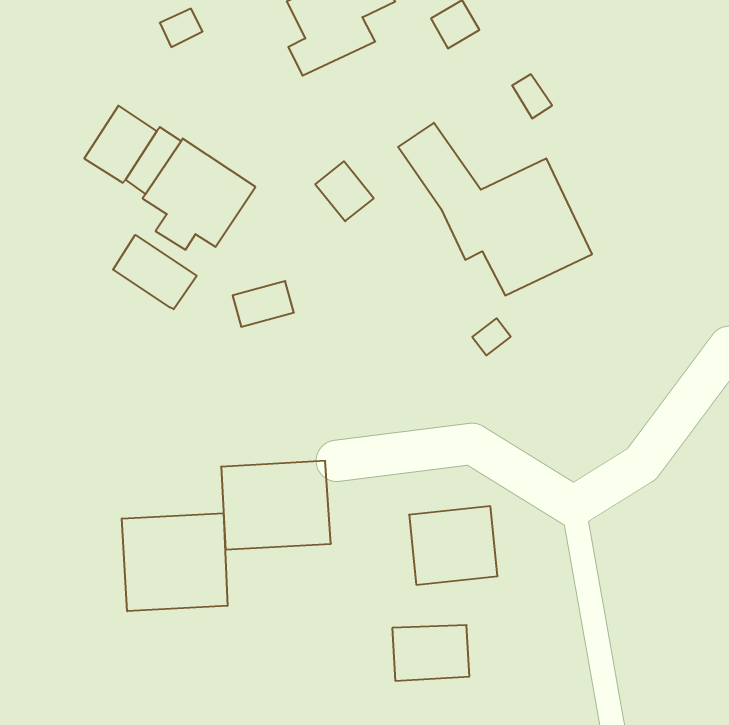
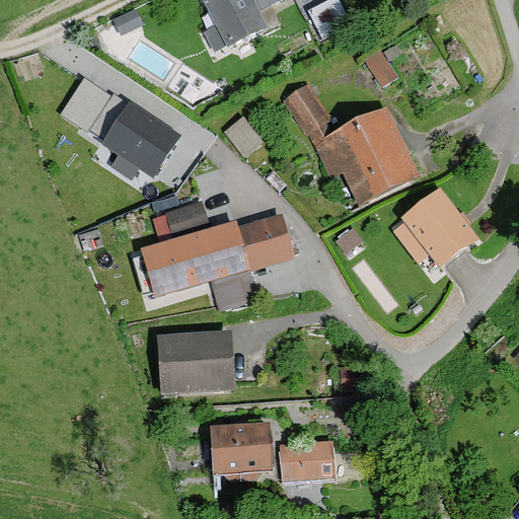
building: [113,235,197,309] -> none
building: none -> [393,187,478,266]
building: none -> [140,211,295,312]
building: [409,506,498,585] -> [211,424,274,479]
building: [122,513,227,611] -> none

